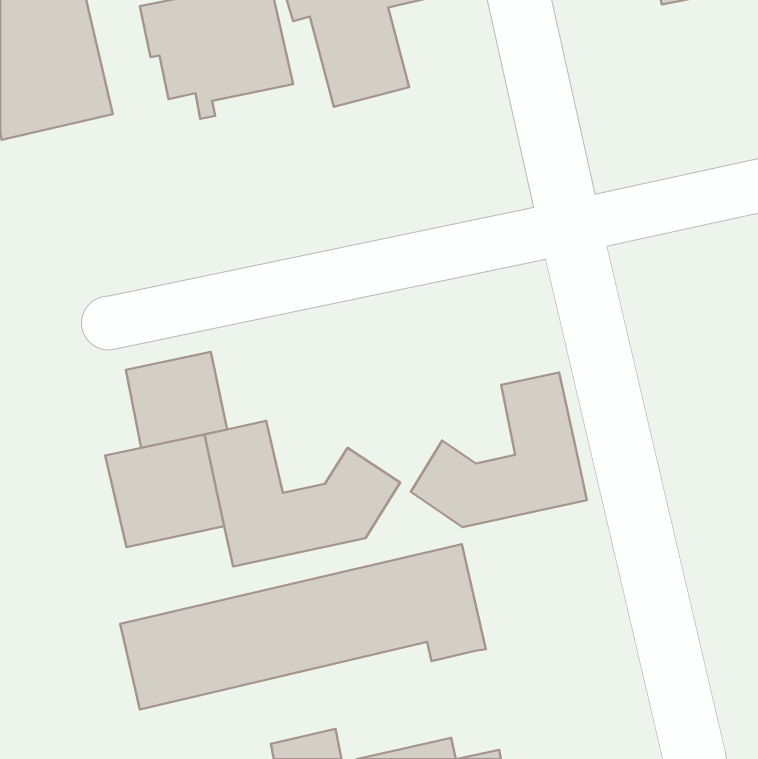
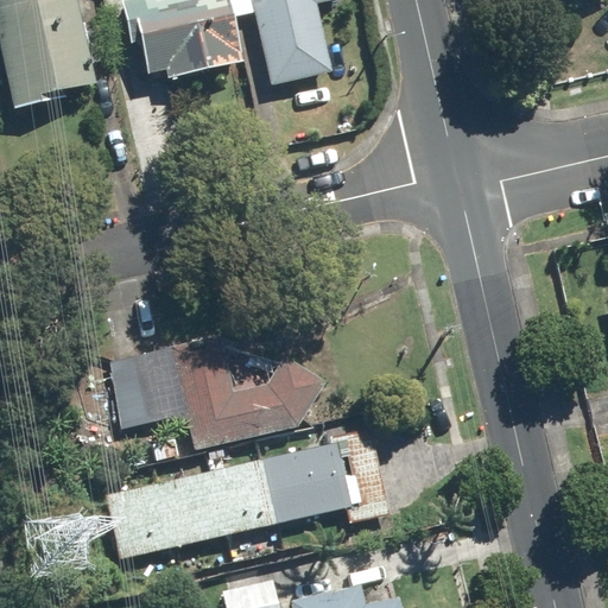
building: [126,352,227,448] -> none
building: [411,372,587,527] -> none

